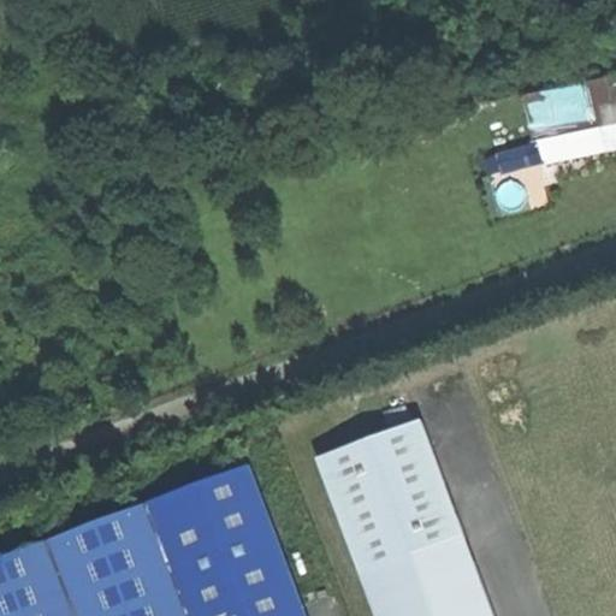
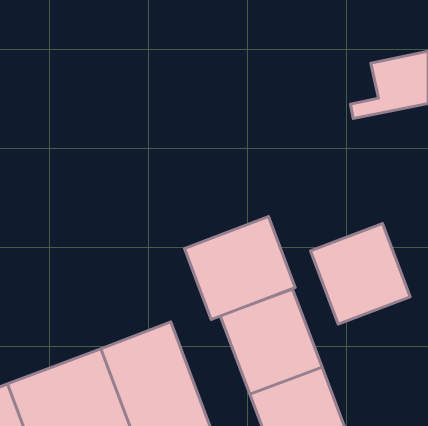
building: none -> [184,216,295,319]
building: none -> [310,224,410,324]

